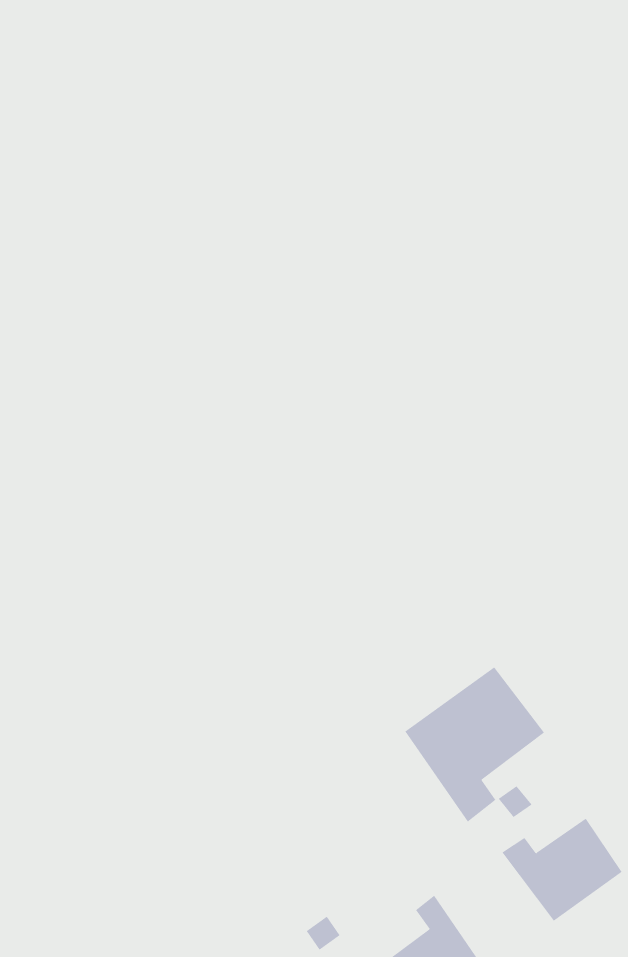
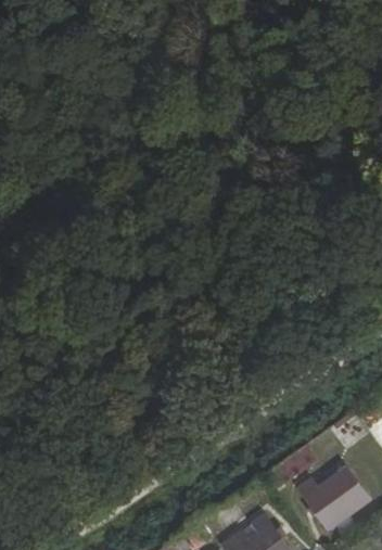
building: [405,667,545,822] -> none

